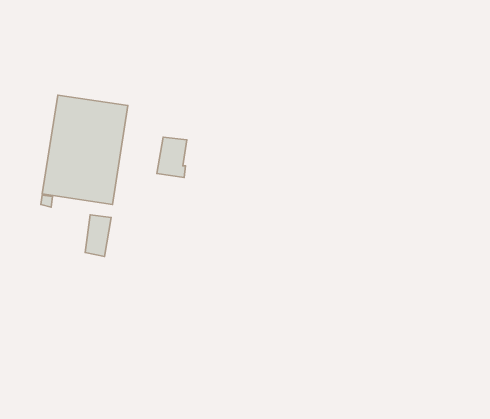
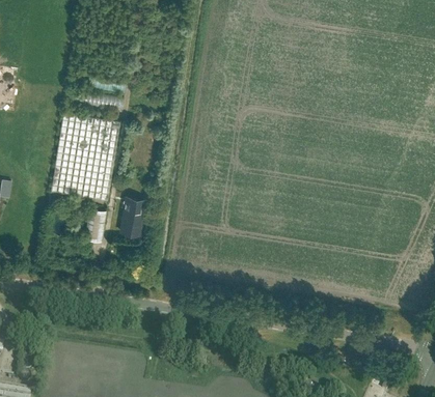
building: [157,137,187,177] -> [119,200,143,232]

